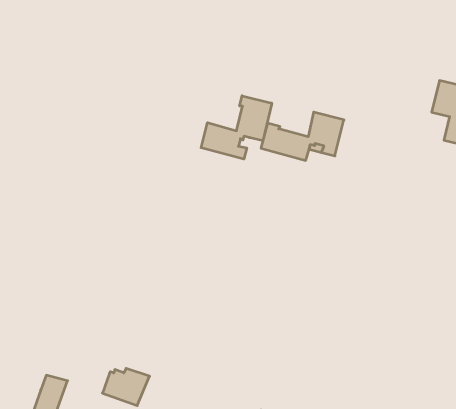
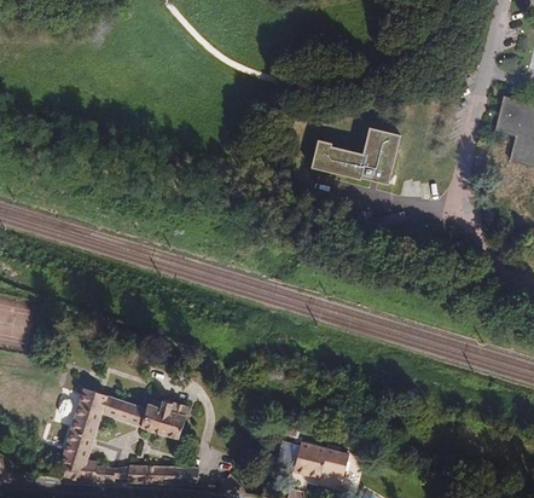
building: [201,96,272,159] -> none
building: none -> [80,388,147,428]

